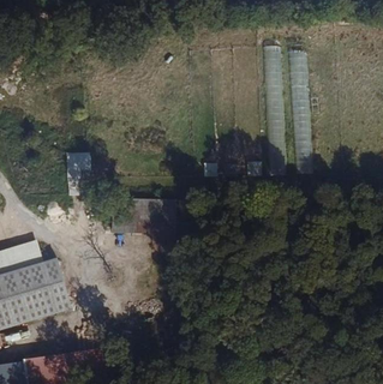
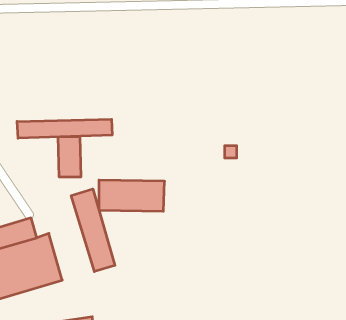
building: none -> [17,119,112,138]
building: none -> [71,189,115,272]

